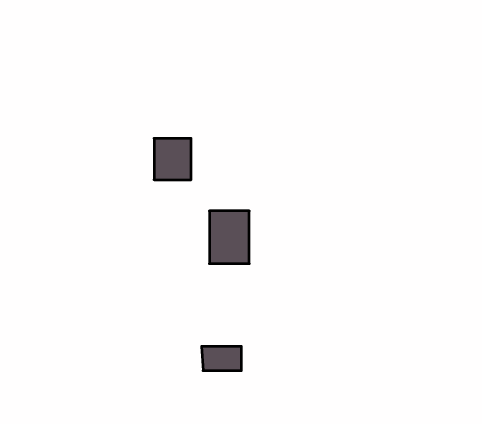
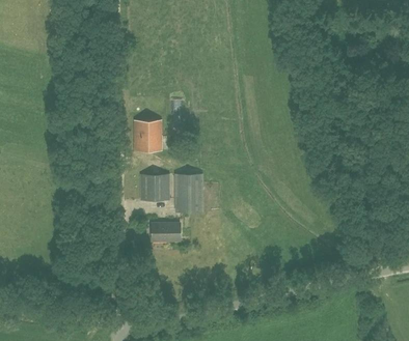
building: none -> [140,174,169,200]
building: [202,346,241,371] -> [151,223,180,240]

